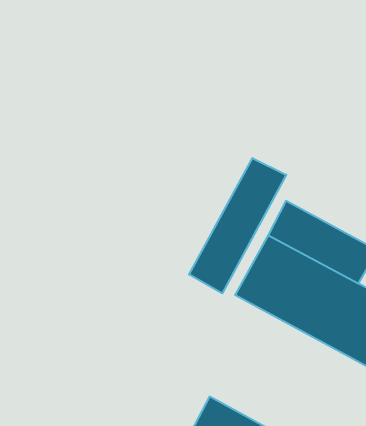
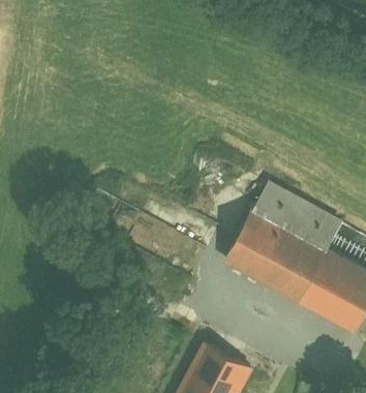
building: [189,158,286,293] -> none

